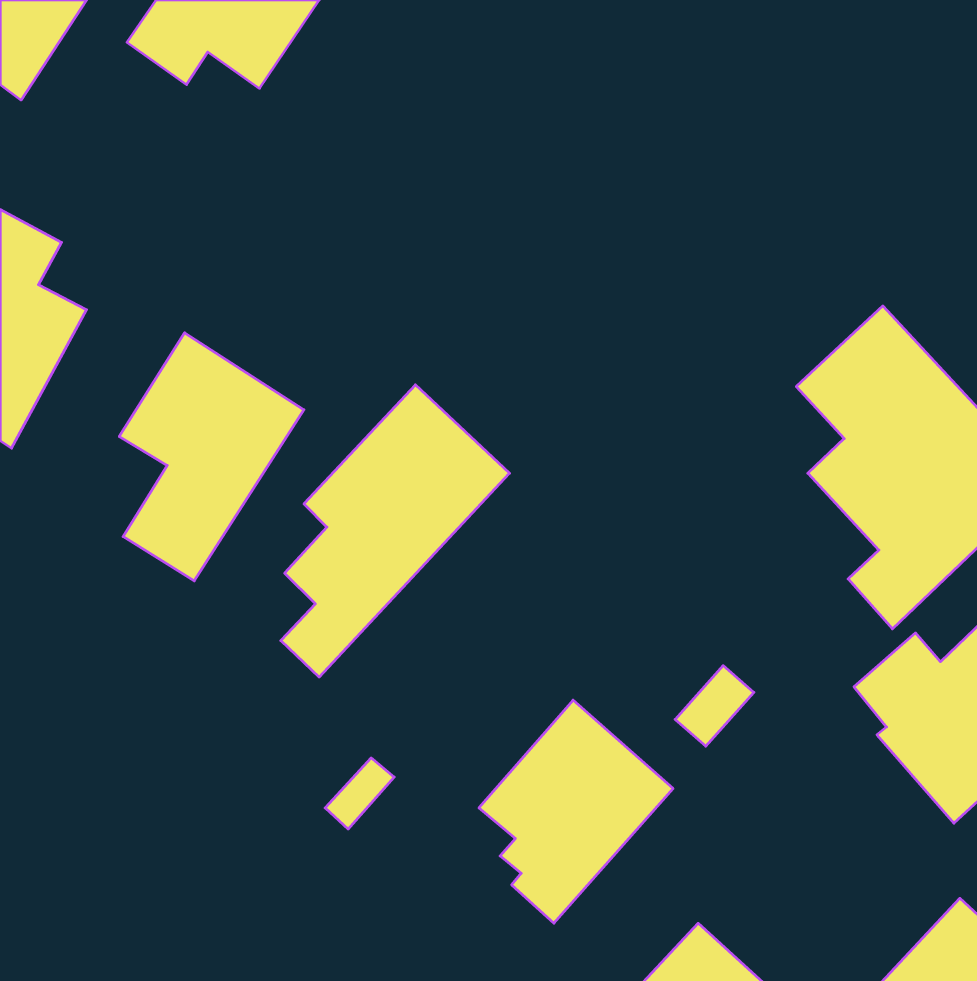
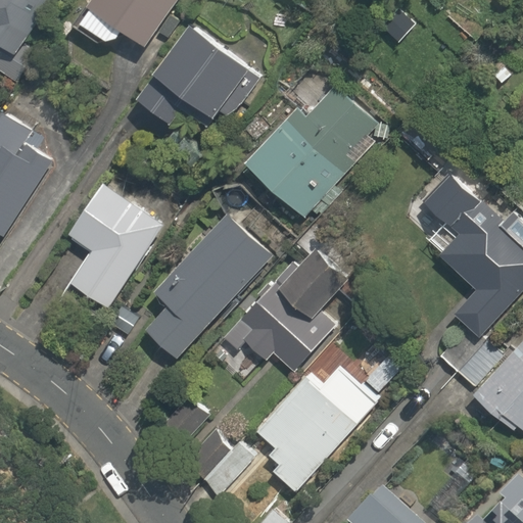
building: none -> [132,21,262,123]
building: none -> [236,89,381,223]
building: none -> [225,253,344,372]
building: none -> [189,432,255,491]

